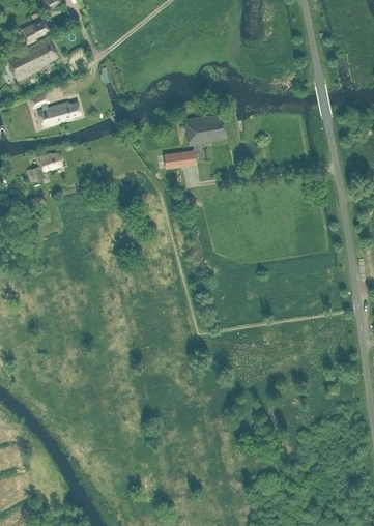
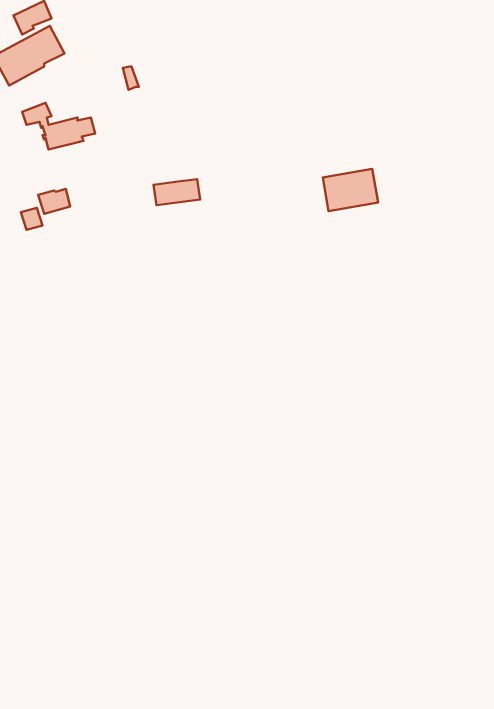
building: [185,114,225,144] -> [323,169,378,211]
building: [162,150,195,169] -> [154,179,200,205]

